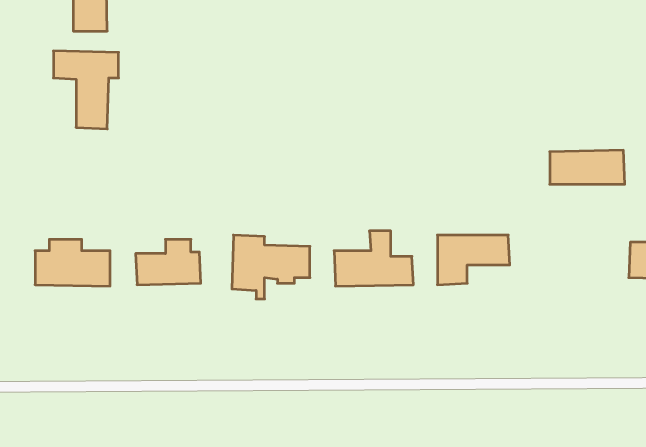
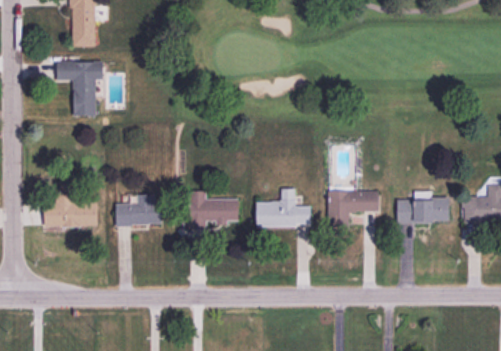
building: [550,150,625,184] -> [396,198,449,222]

